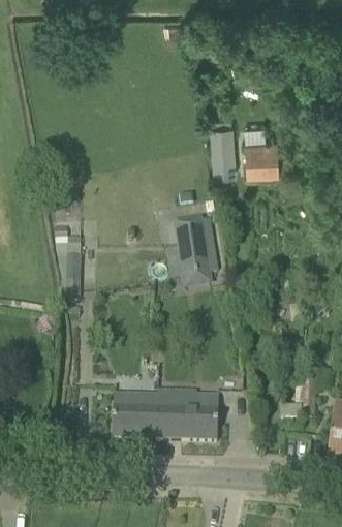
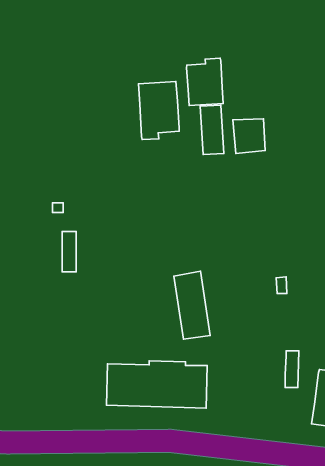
building: none -> [186,58,223,106]
building: none -> [138,82,179,140]
building: [174,213,212,284] -> [174,271,210,339]

